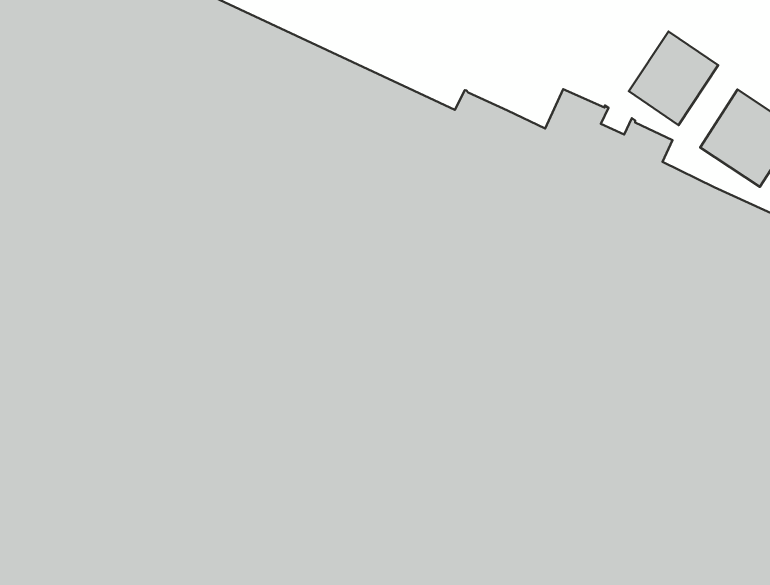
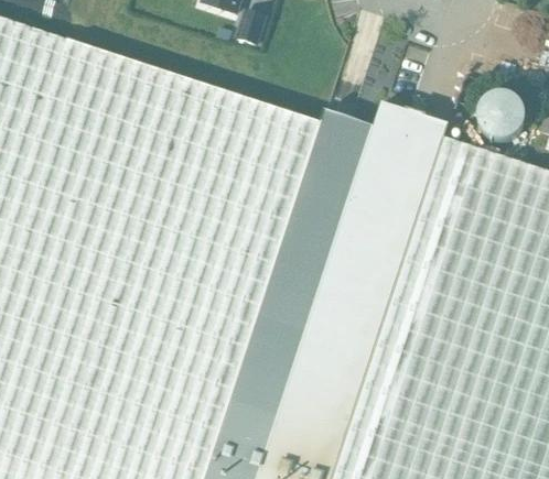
building: [629,31,718,125] -> none

